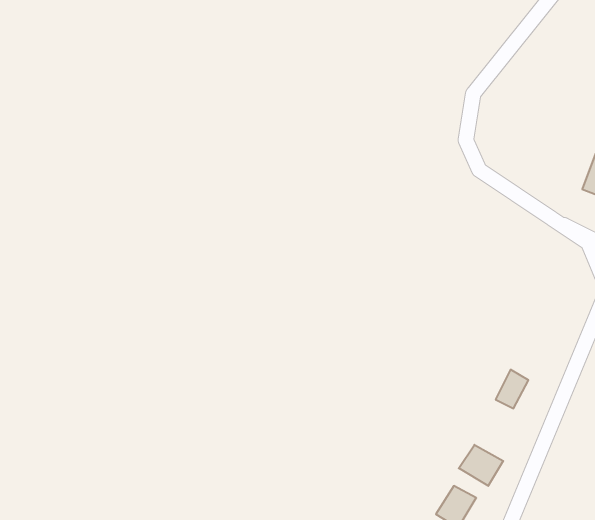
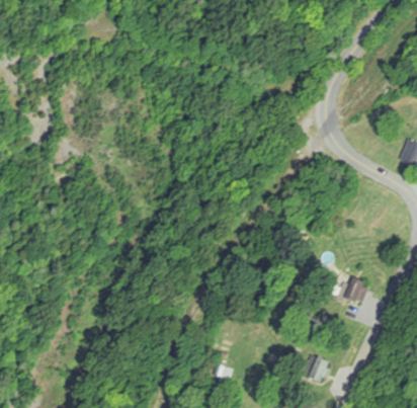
building: [459,445,503,486] -> none

